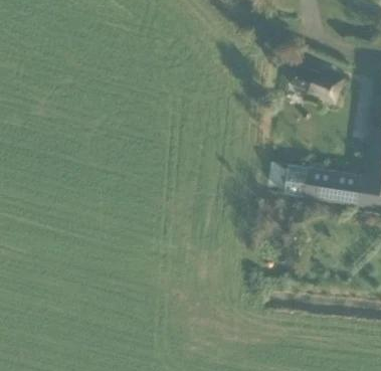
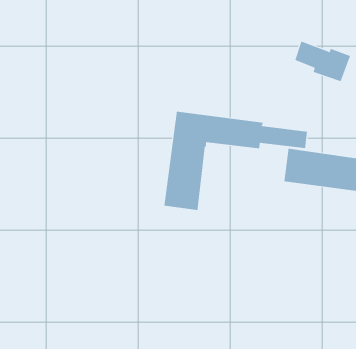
building: none -> [164,111,308,211]

